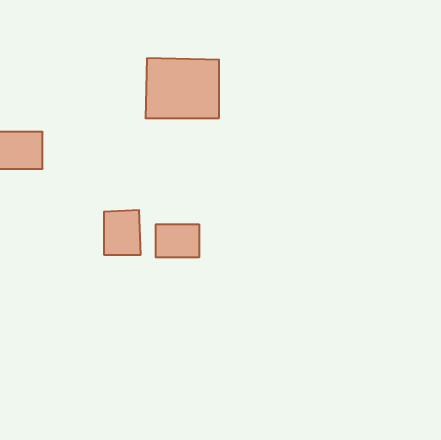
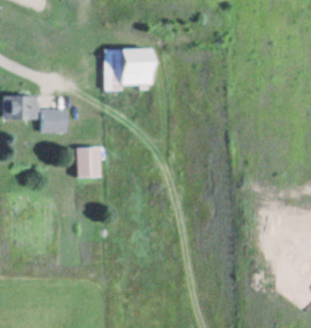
building: none -> [42,109,67,133]
building: [156,224,199,257] -> none

